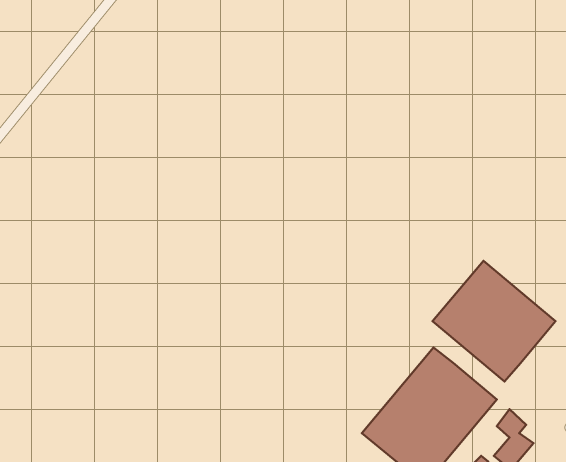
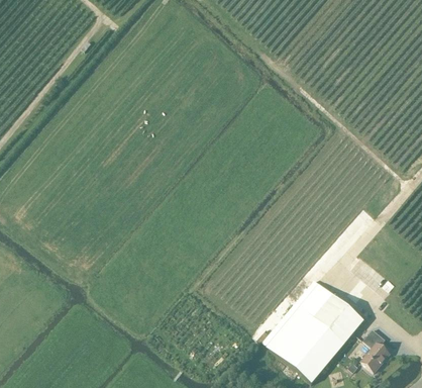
building: [432,261,556,381] -> none

